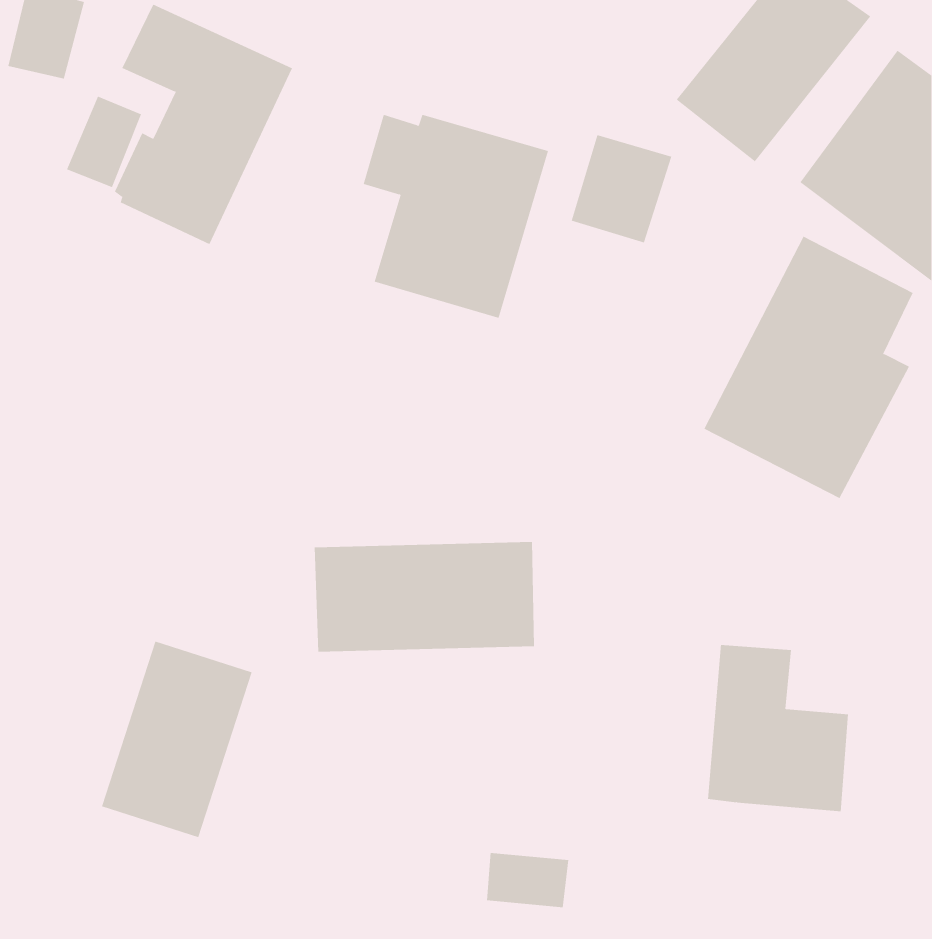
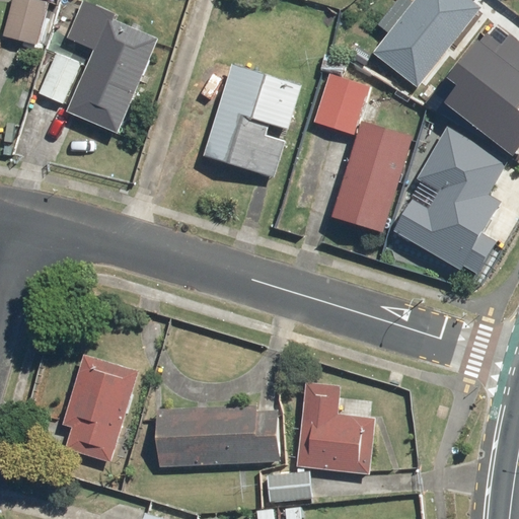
building: none -> [336,120,410,227]
building: [314,542,535,652] -> [157,404,279,465]
building: [707,644,849,812] -> [297,380,375,472]

